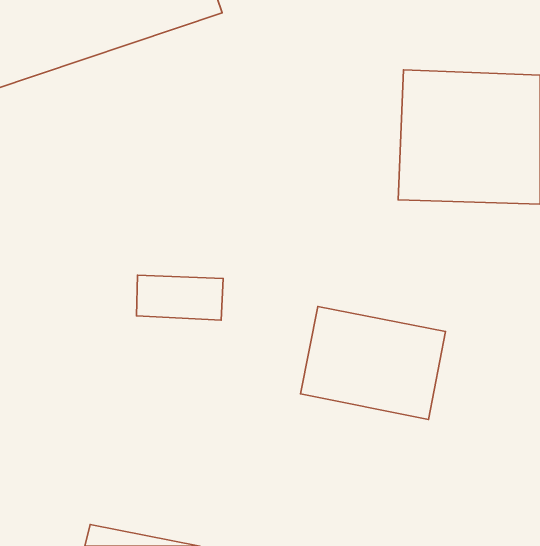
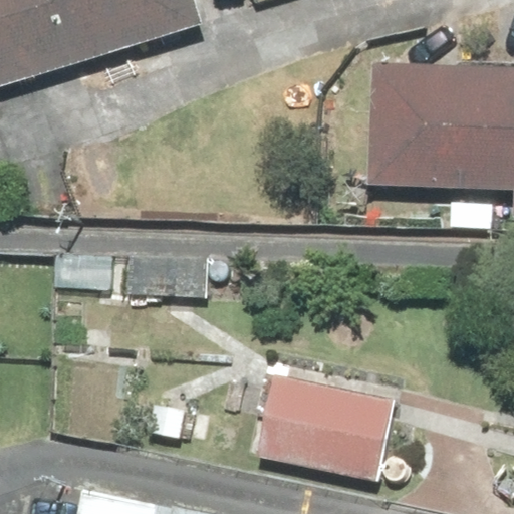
building: [301,307,446,419] -> [258,374,394,480]

